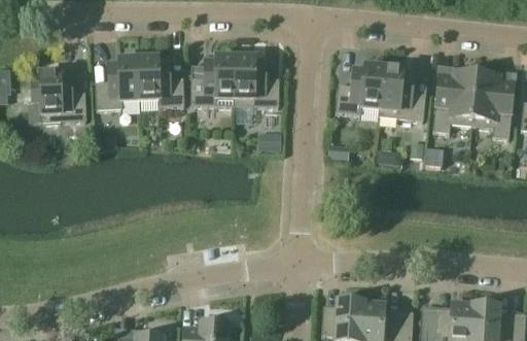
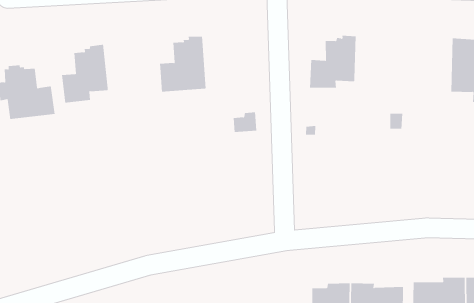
building: [235,54,279,106] -> none
building: [138,55,184,107] -> none
building: [379,64,425,120] -> none
building: [432,70,477,132] -> none

